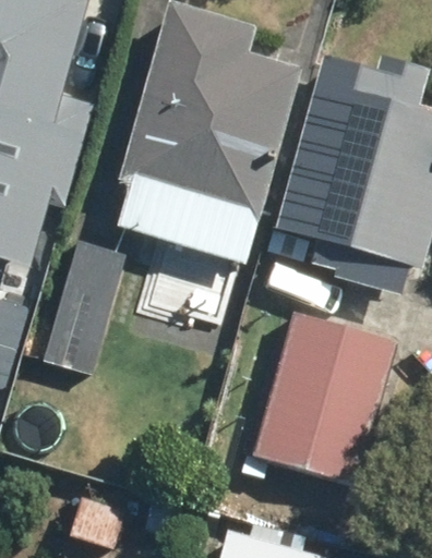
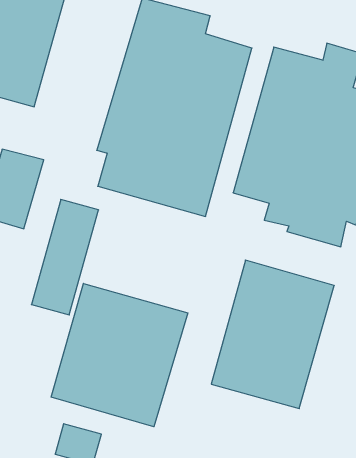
building: none -> [51,283,188,427]

